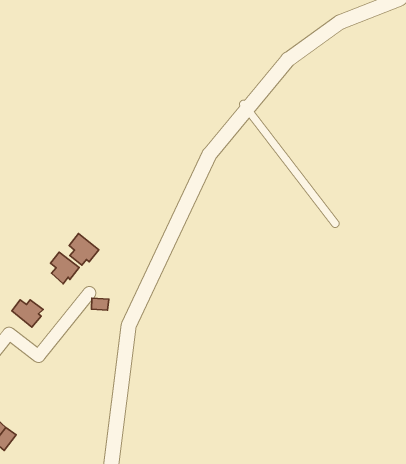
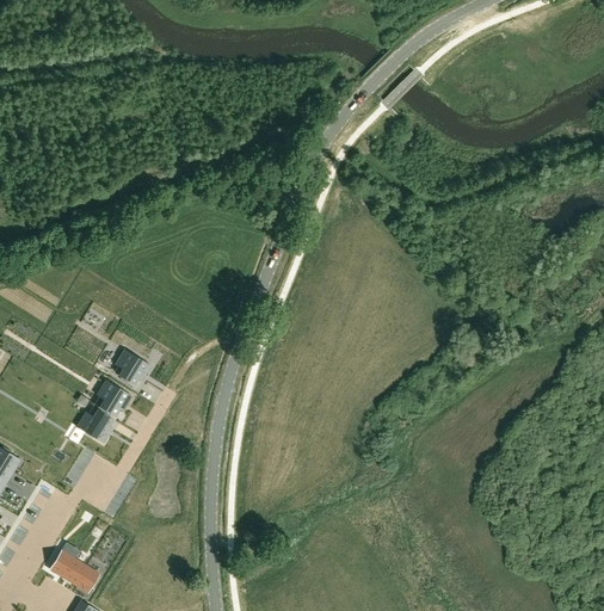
building: [69,234,99,265] -> [97,378,132,415]

